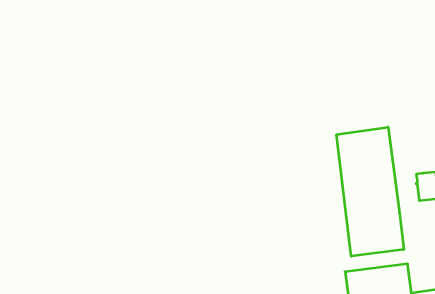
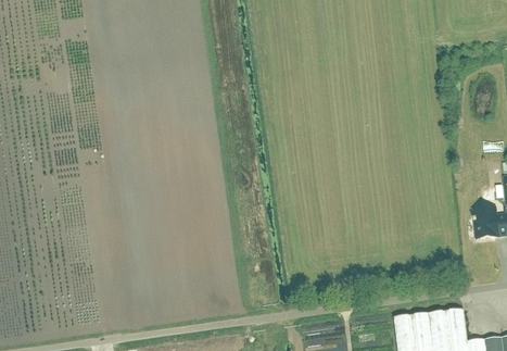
building: [337,127,404,256] -> none

